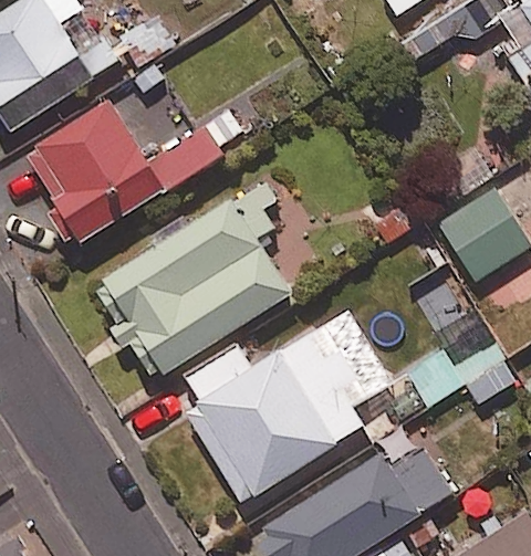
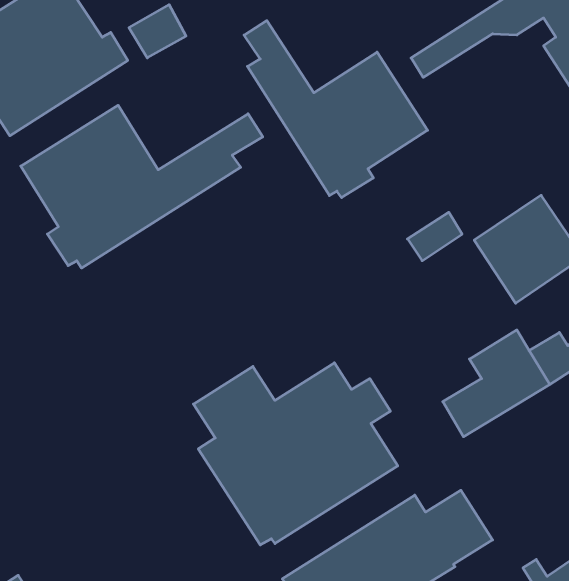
building: none -> [244,21,428,198]
building: [96,179,293,376] -> none

